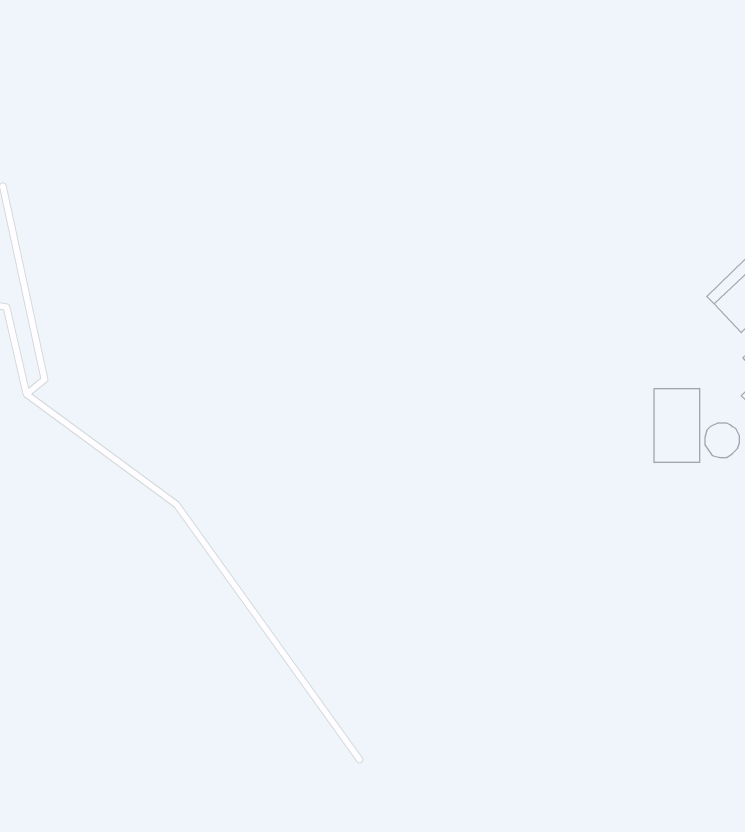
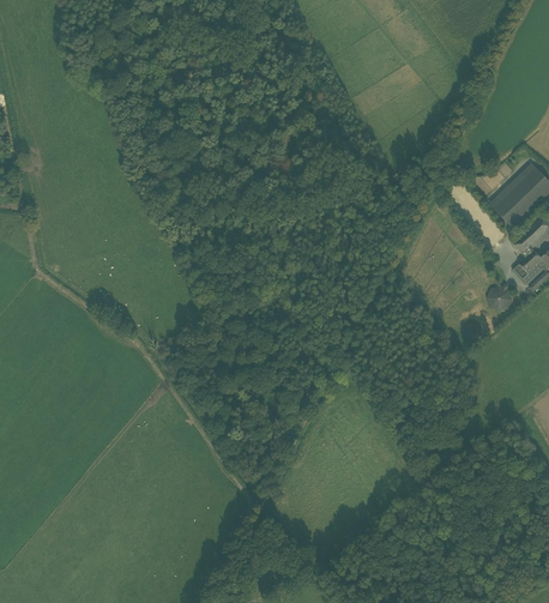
building: [654,388,700,463] -> none

